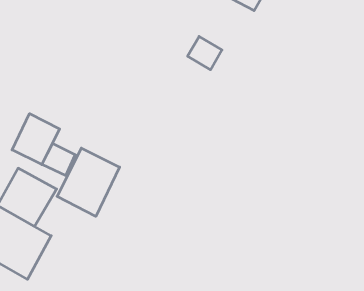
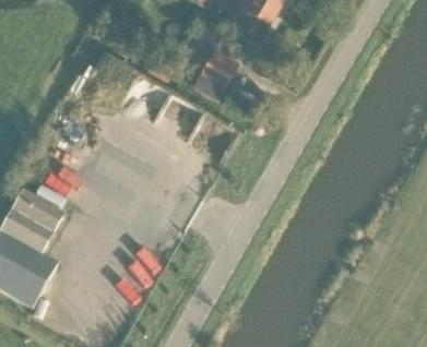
building: [12,114,60,165] -> none
building: [57,148,120,216] -> none

